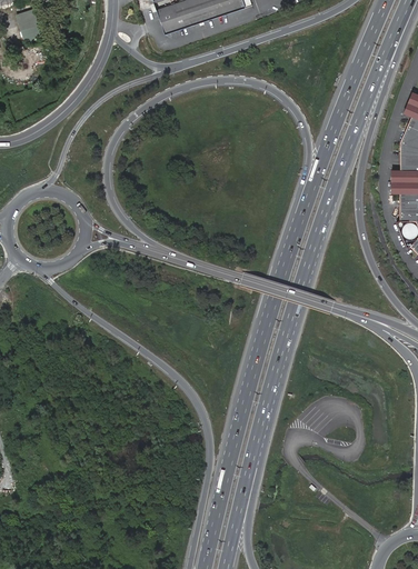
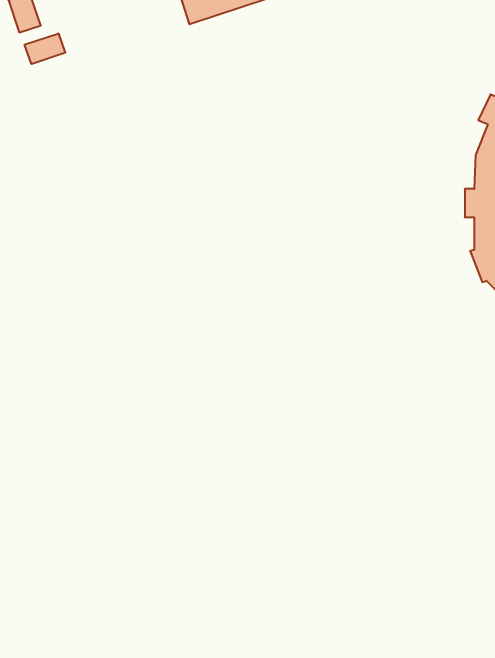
building: none -> [25,33,65,64]

